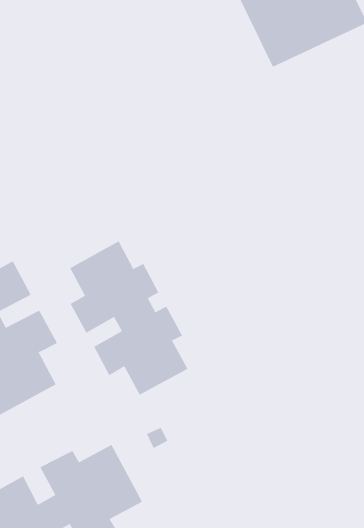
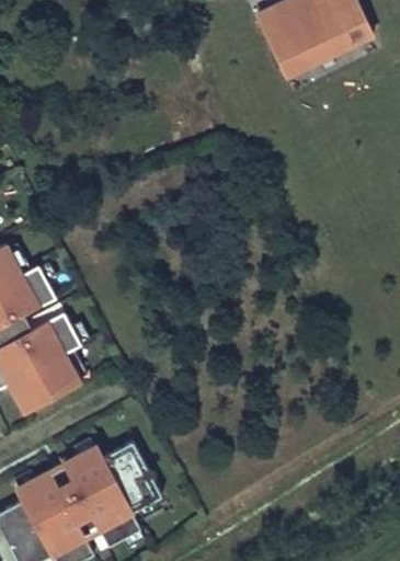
building: [70,241,188,395] -> none

